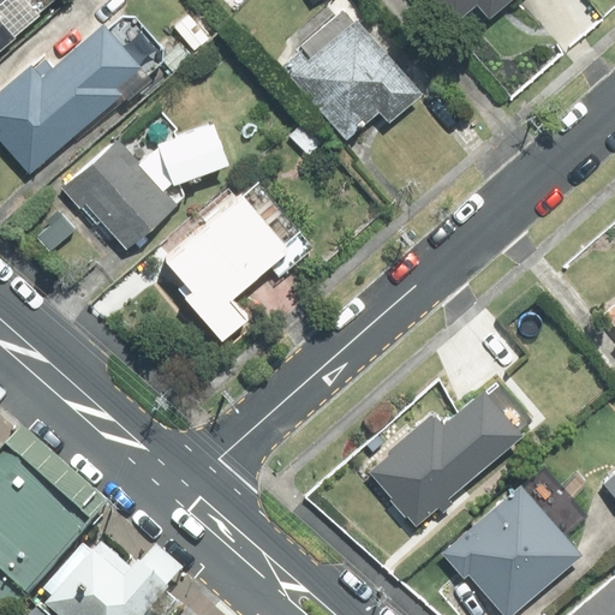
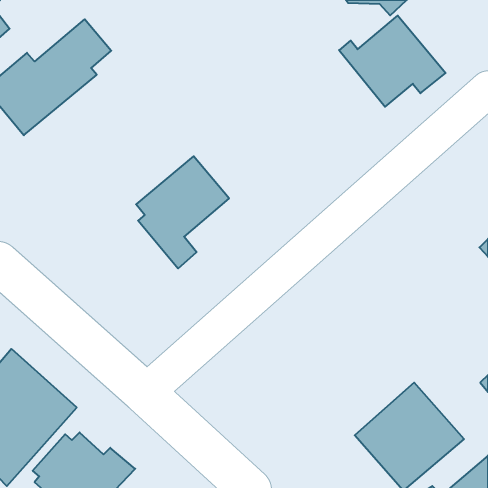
building: [286,24,419,138] -> [339,16,446,107]
building: [70,126,227,249] -> none
building: [366,387,523,525] -> none

